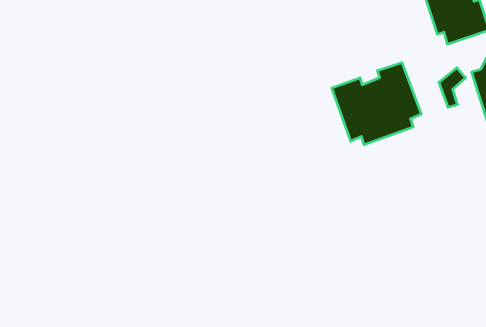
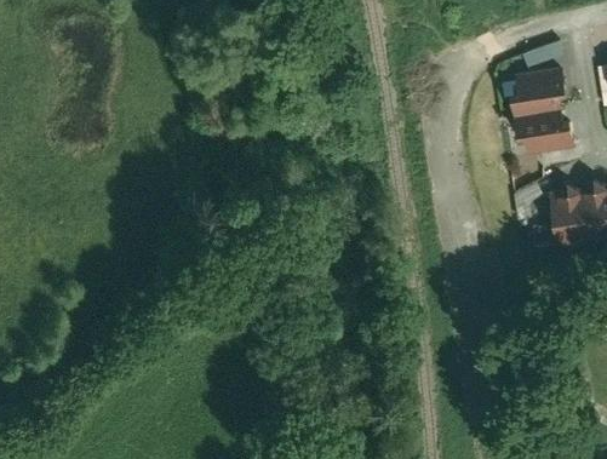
building: [332,63,421,145] -> none

